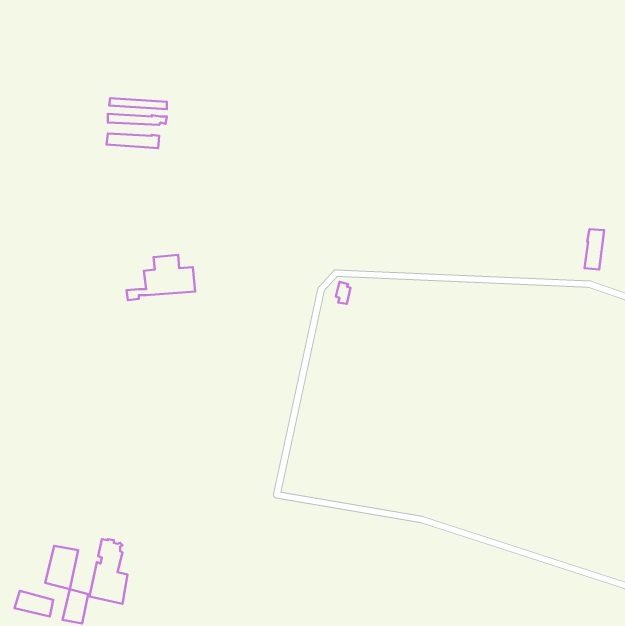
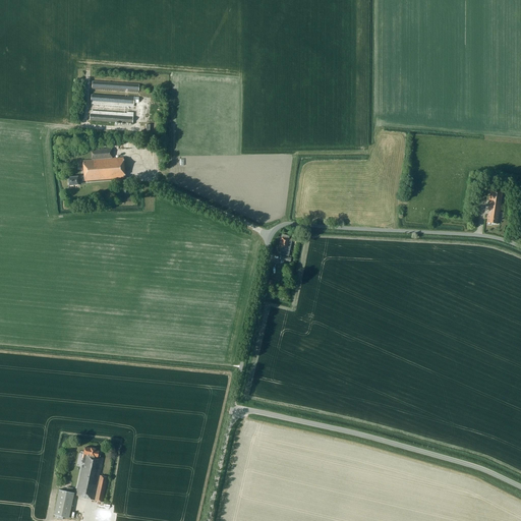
building: [127,255,195,300] -> [67,148,124,185]
building: [45,546,78,589] -> none
building: [15,591,53,617] -> none

